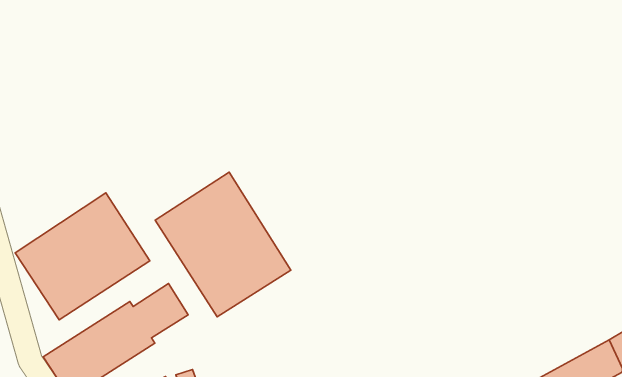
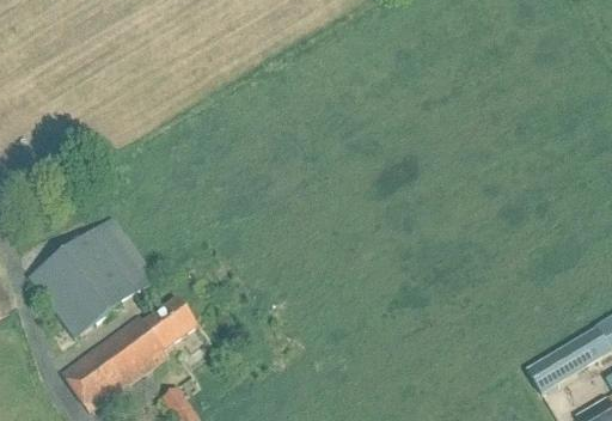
building: [155,172,291,317] -> none

